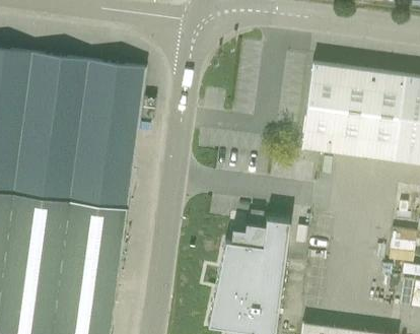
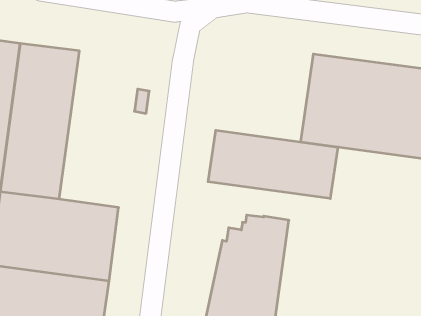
building: [69,61,145,211] -> none
building: none -> [208,130,338,199]

